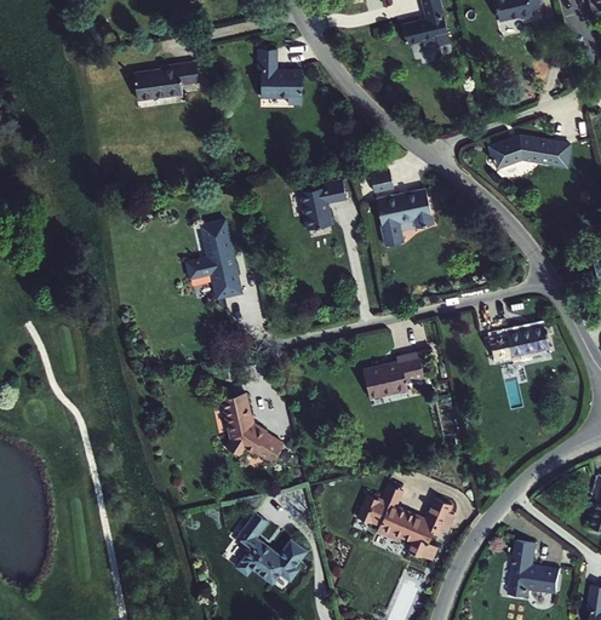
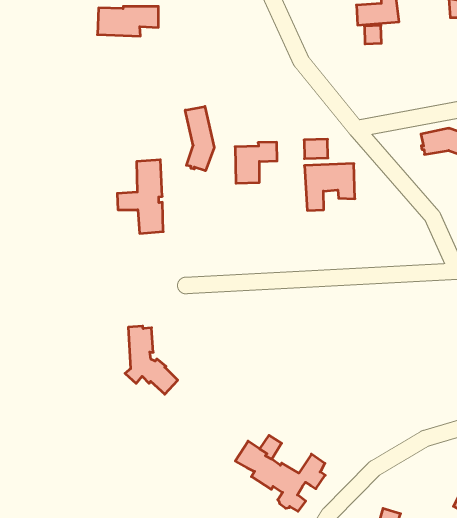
building: [258,50,303,105] -> none
building: none -> [185,106,214,171]
building: [487,323,548,361] -> none
building: [362,352,424,398] -> none
building: [235,512,308,584] -> none

